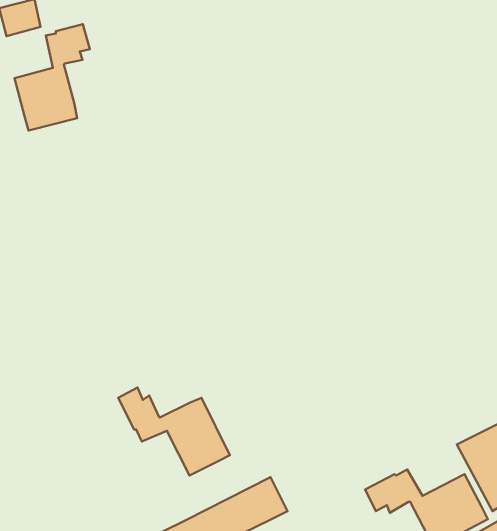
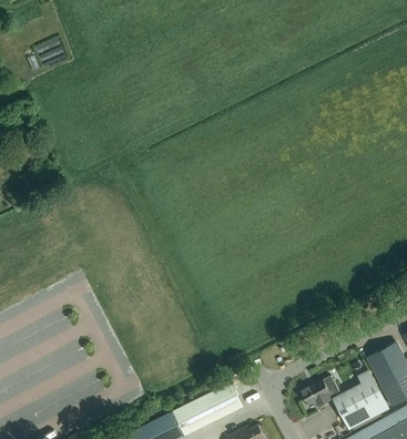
building: [15,24,90,131] -> none
building: [118,388,230,476] -> none

